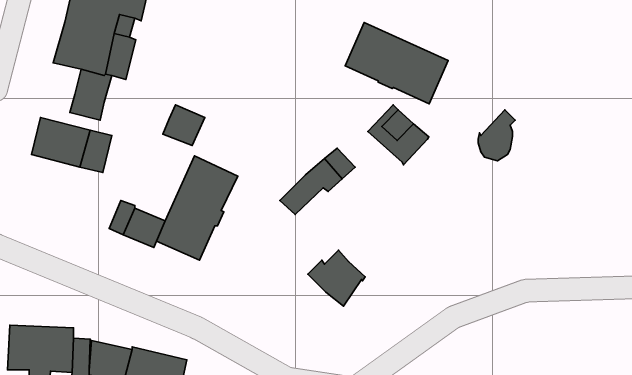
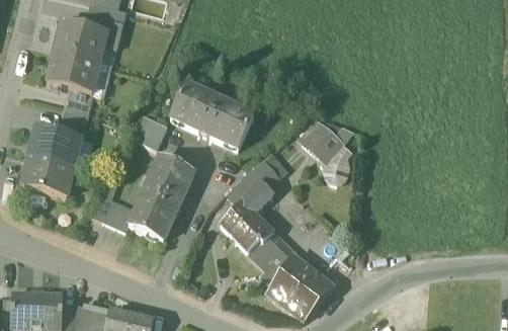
building: [345,22,448,104] -> [171,83,253,148]
building: [478,110,515,161] -> [323,143,352,183]
building: none -> [21,155,68,194]
building: none -> [221,181,273,250]
building: none -> [267,254,333,319]

